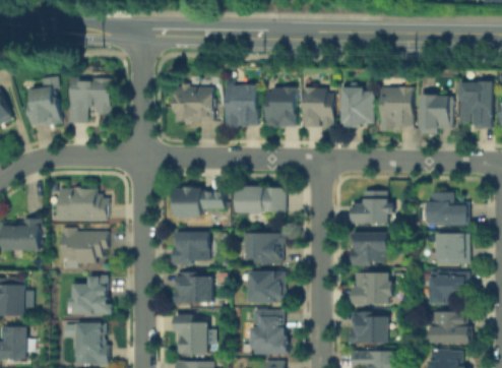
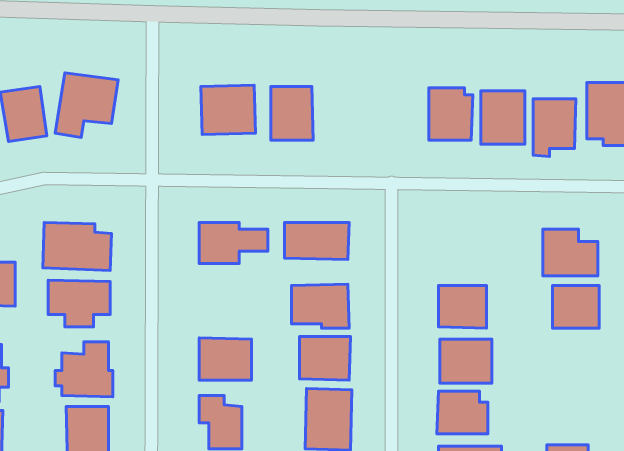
building: [264,87,296,127] -> none
building: [304,89,334,128] -> none
building: [350,192,389,225] -> none
building: [172,231,210,263] -> none
building: [429,272,465,305] -> none
building: [431,312,468,346] -> none

